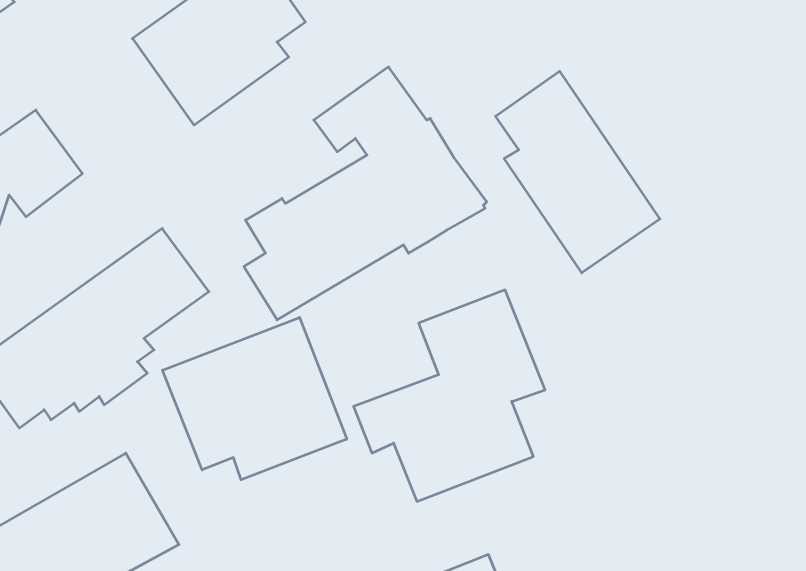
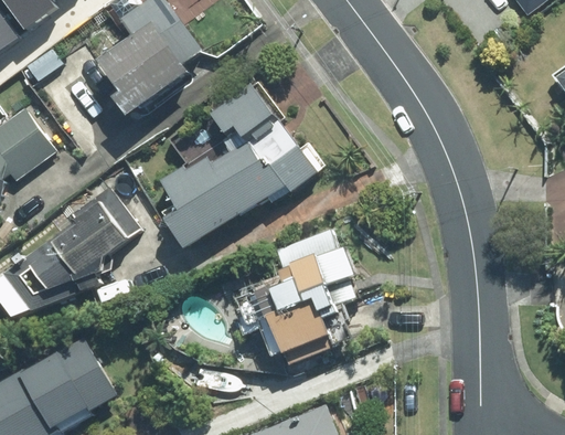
building: [496,71,660,273] -> none
building: [163,317,347,480] -> none

